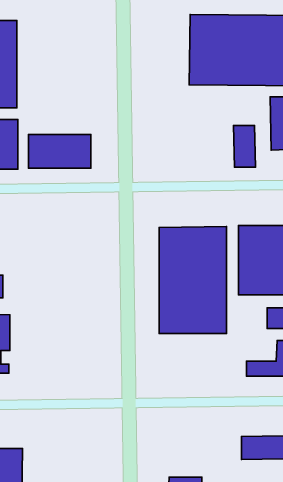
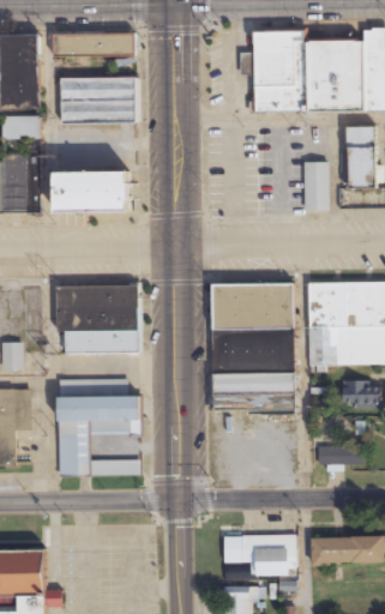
building: none -> [52,31,133,124]
building: none -> [55,285,138,354]
building: none -> [58,379,139,476]
building: none -> [222,534,295,574]

